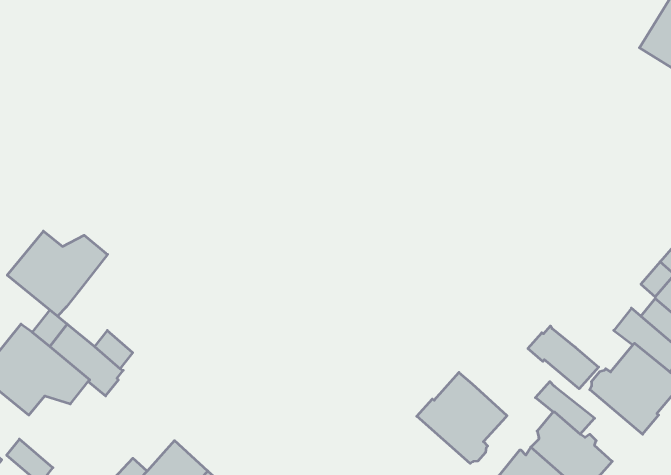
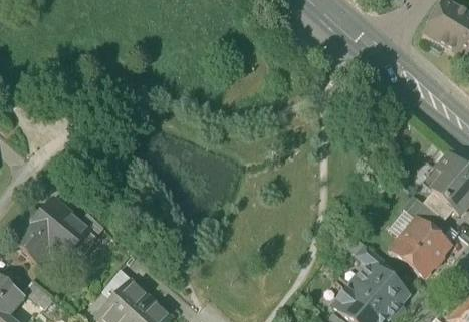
building: [7,231,108,316] -> none
building: [528,326,599,389] -> none
building: [417,372,507,463] -> none

